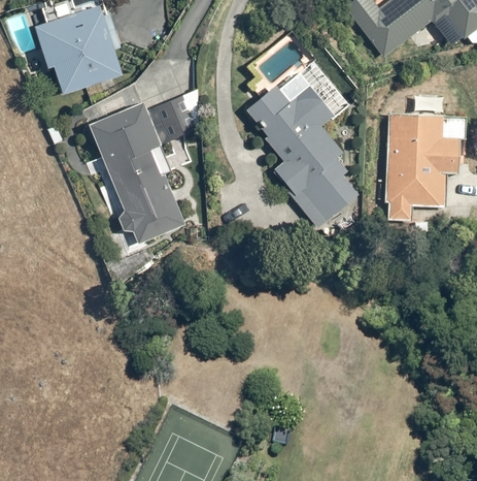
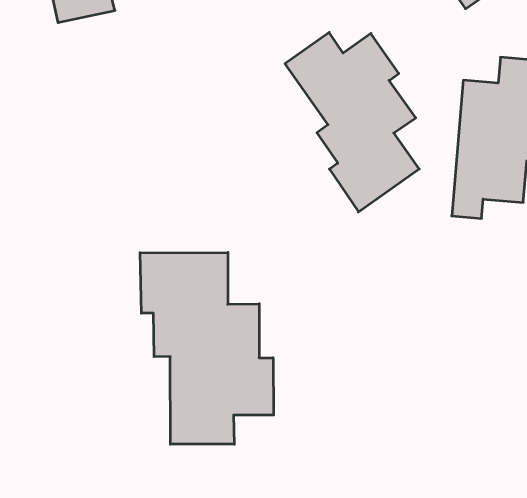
building: [88,93,205,243] -> none
building: none -> [140,252,274,444]

